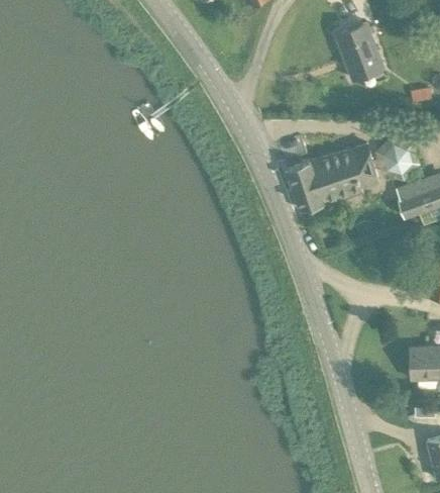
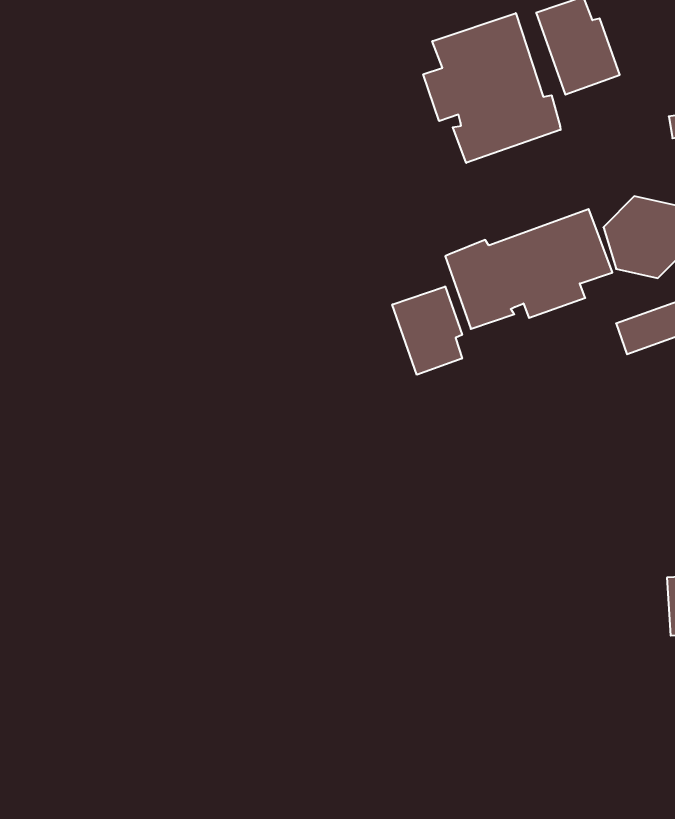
building: none -> [423,13,561,163]
building: none -> [392,286,462,375]

